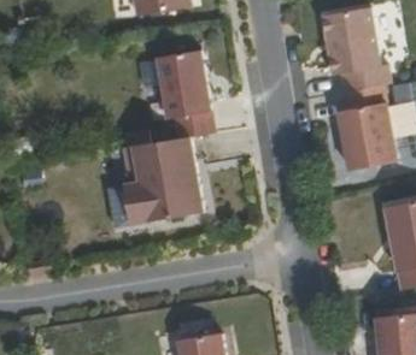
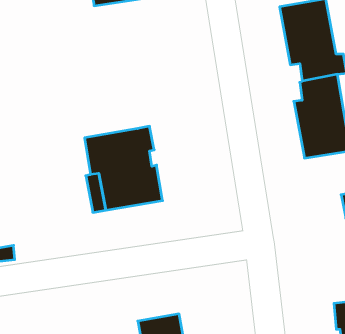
building: [156,51,212,140] -> none

